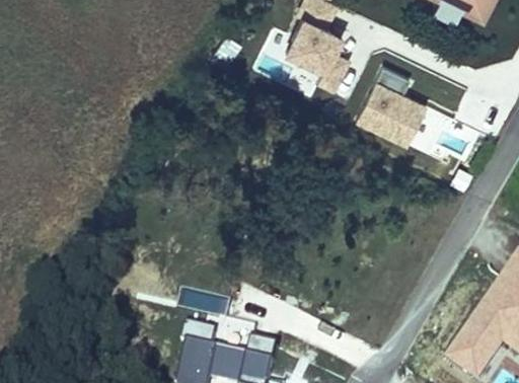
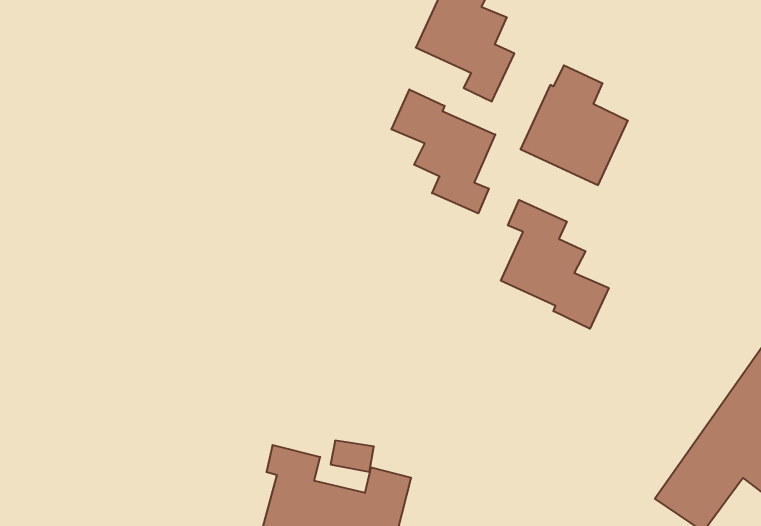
building: none -> [391,89,495,213]
building: none -> [501,200,609,329]

